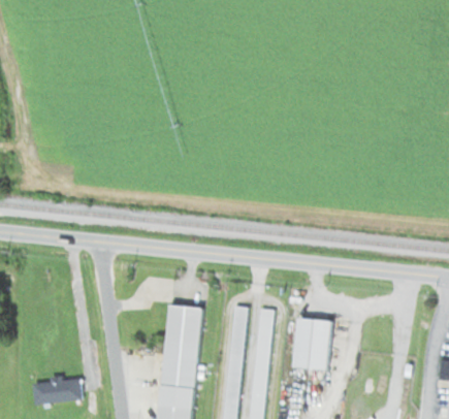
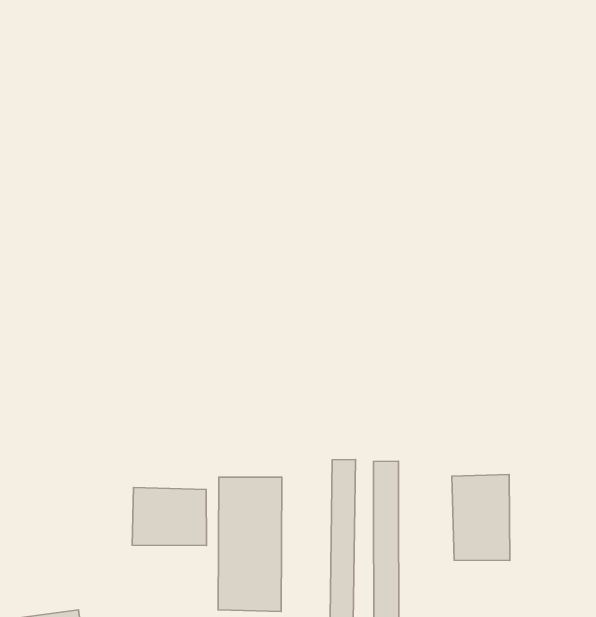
building: none -> [132,487,207,546]

